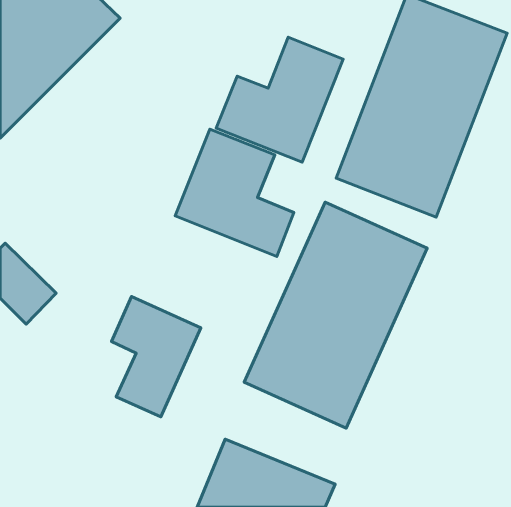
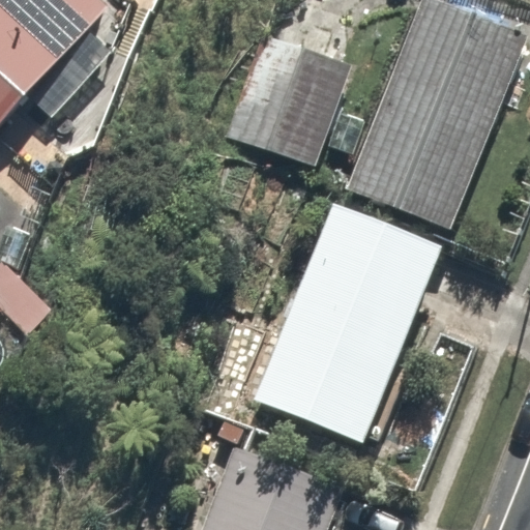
building: [175,129,294,256] -> none
building: [111,297,201,417] -> none

